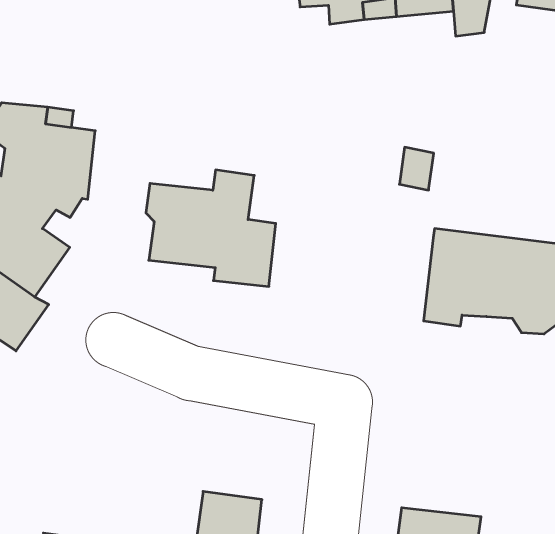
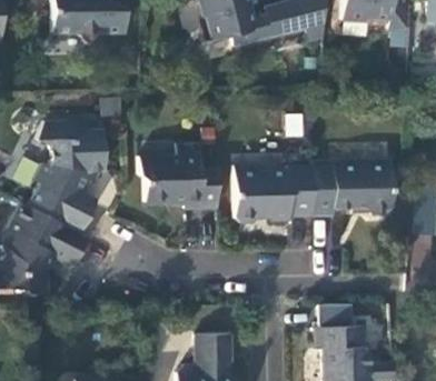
building: none -> [232,163,313,221]

